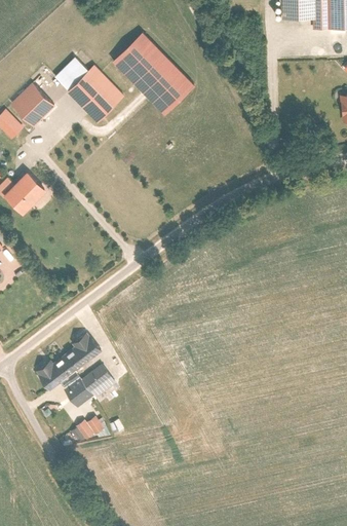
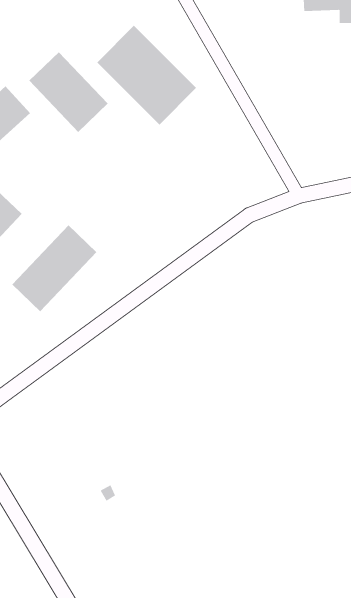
building: none -> [11,225,97,312]
building: [33,332,114,413] -> none
building: [74,415,106,443] -> none

